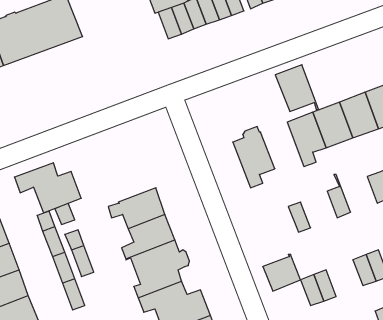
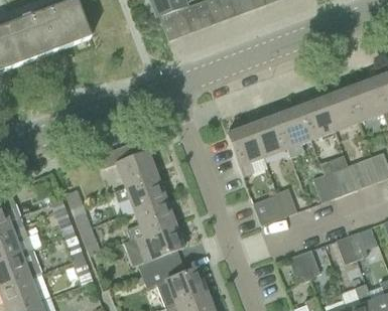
building: [275,65,319,111] -> [252,116,291,158]
building: [14,163,81,213] -> [97,143,157,188]
building: none -> [320,161,358,197]
building: [263,254,301,291] -> [252,192,286,225]

